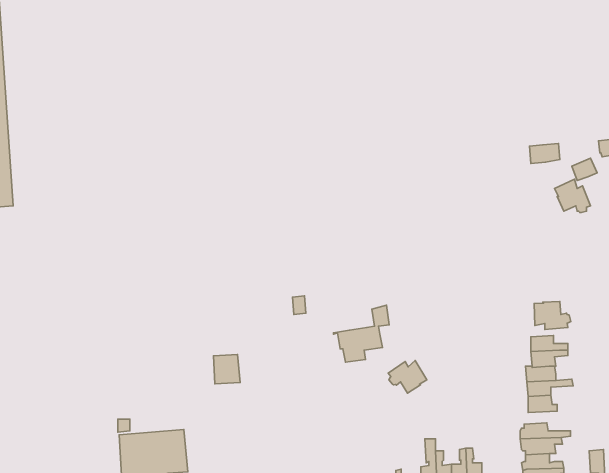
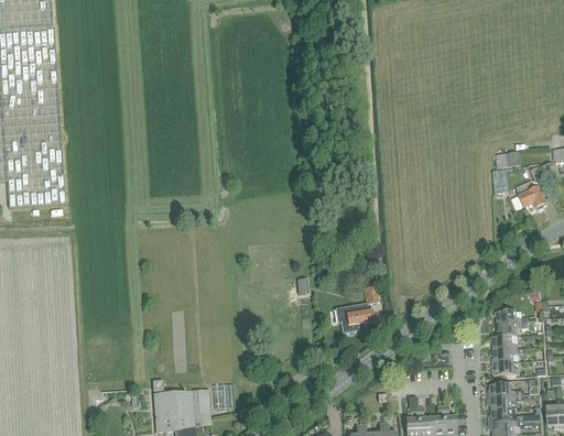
building: [534,301,571,330] -> none
building: [214,355,240,384] -> [213,384,235,408]
building: [388,361,427,393] -> none

